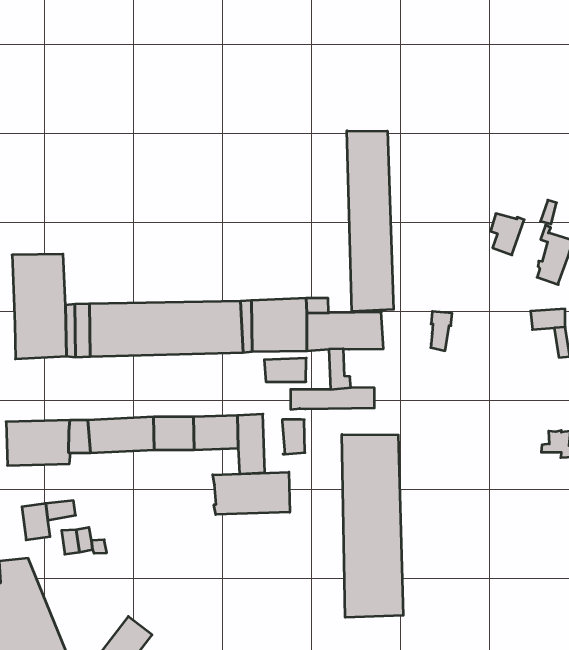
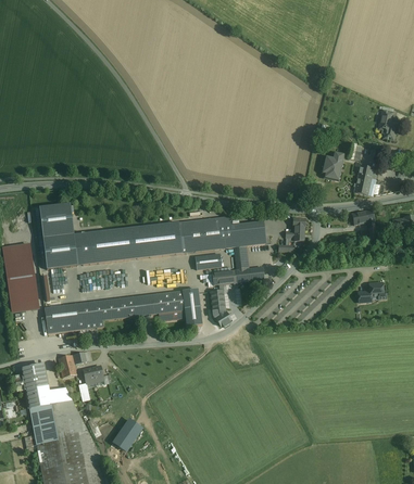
building: [347,131,394,312] -> none
building: [342,434,403,617] -> none
building: [213,472,290,515] -> none

